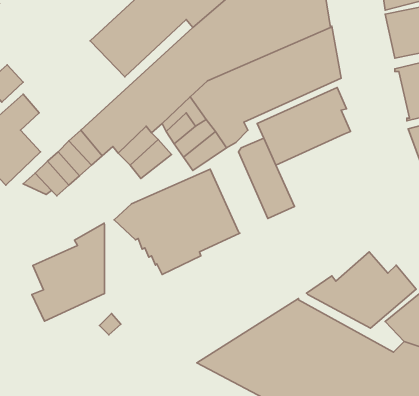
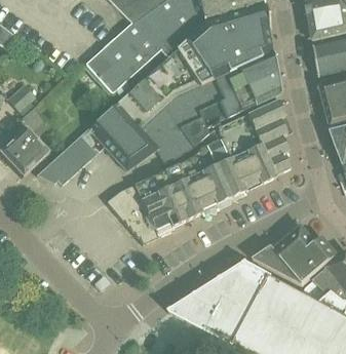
building: none -> [230,135,290,191]
building: none -> [180,149,224,210]
building: [32,223,105,321] -> none

